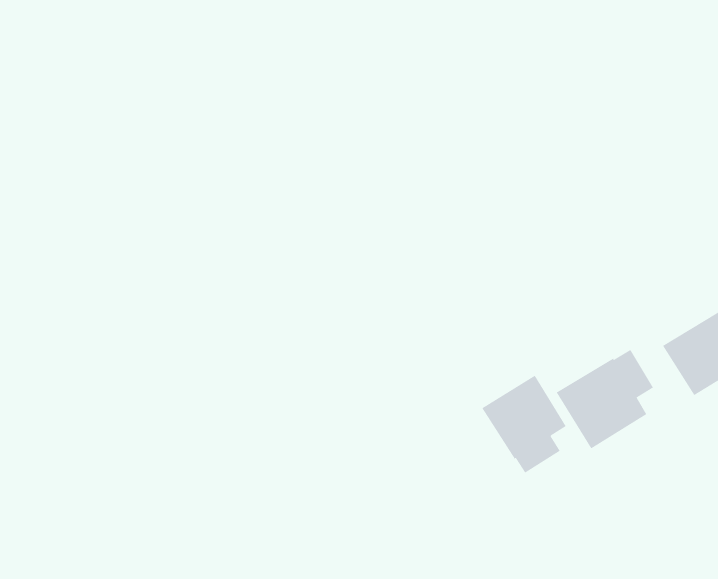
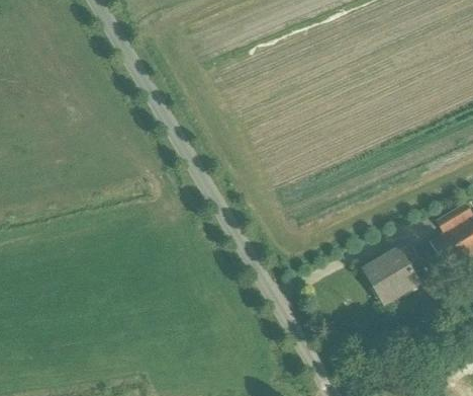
building: [482,375,567,473] -> none

